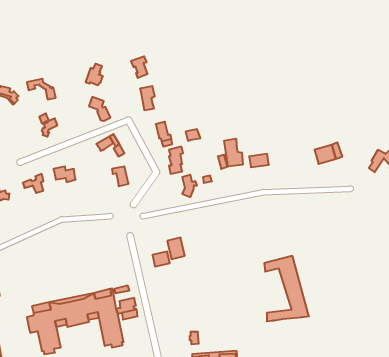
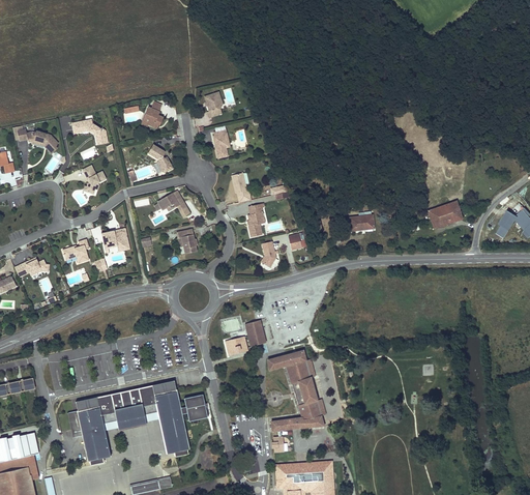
building: [224,139,243,167] -> none
building: [264,256,309,321] -> [268,349,324,431]

